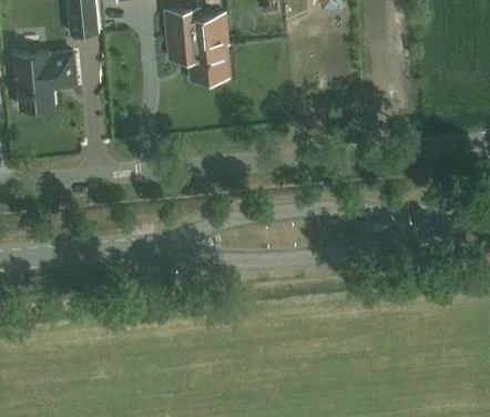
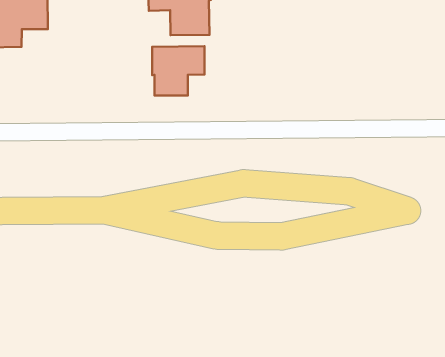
building: none -> [152,46,204,96]

